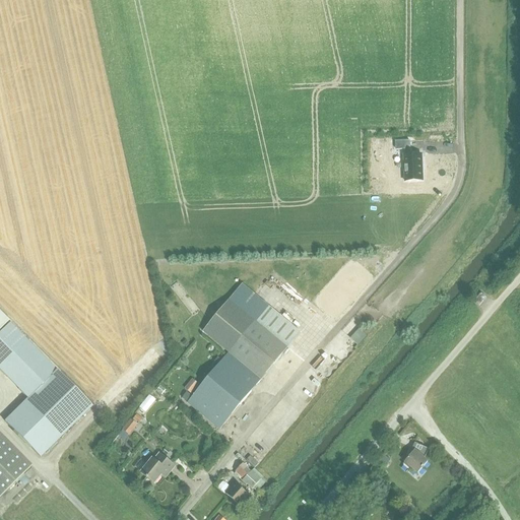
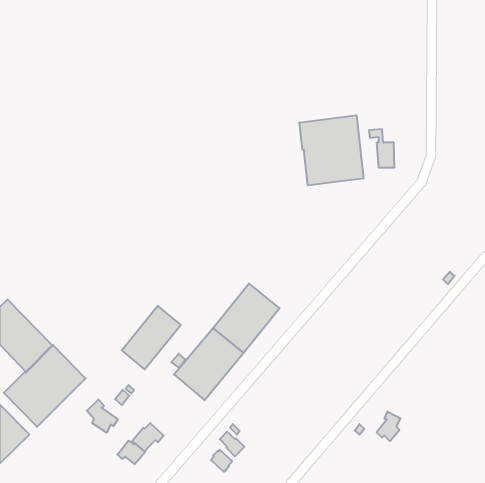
building: none -> [299,115,363,185]
building: [203,282,266,350] -> [122,306,181,369]
building: none -> [87,399,118,433]
building: none -> [117,441,145,464]

